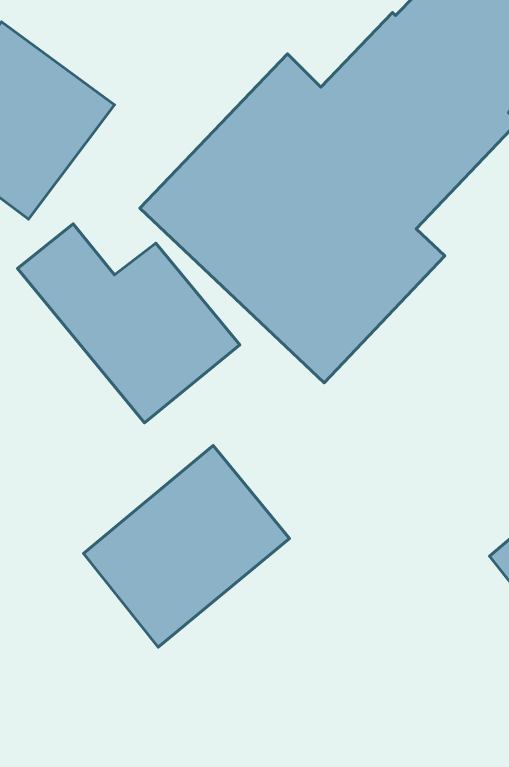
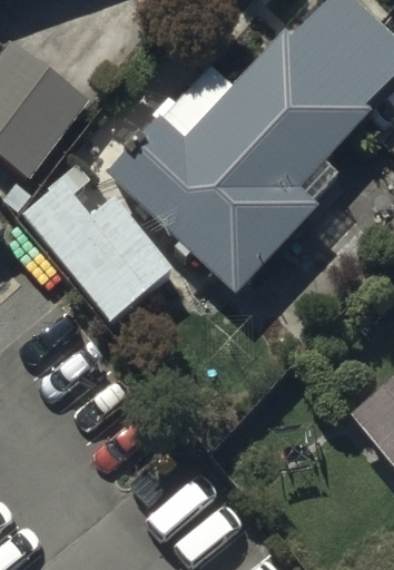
building: [84,445,290,647] -> none

